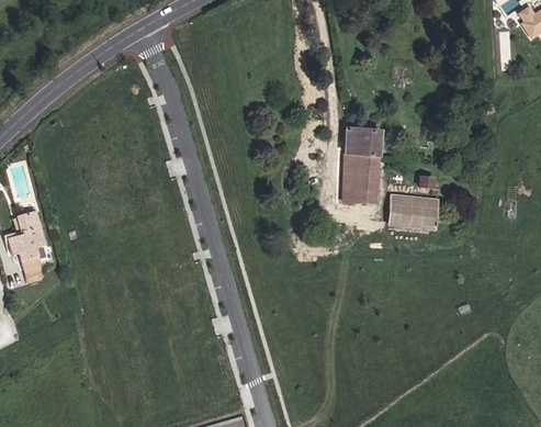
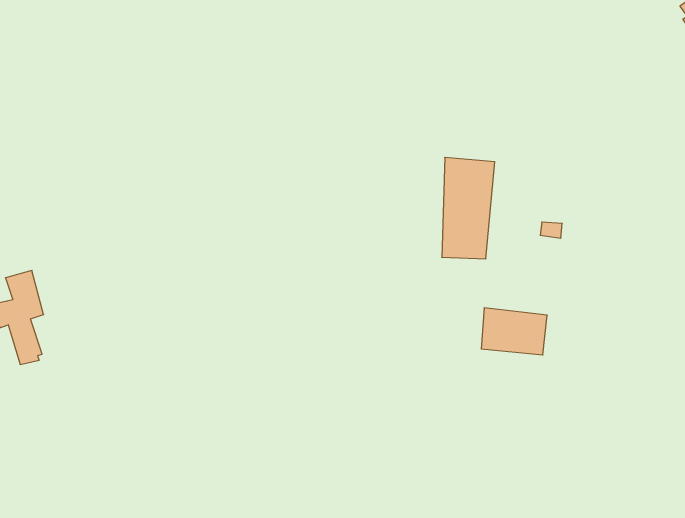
building: [388,194,438,229] -> [481,308,547,355]

